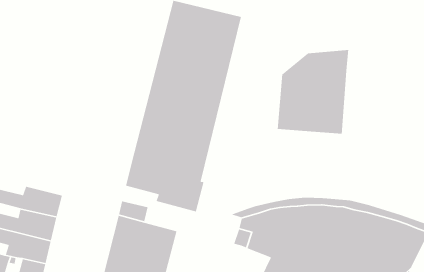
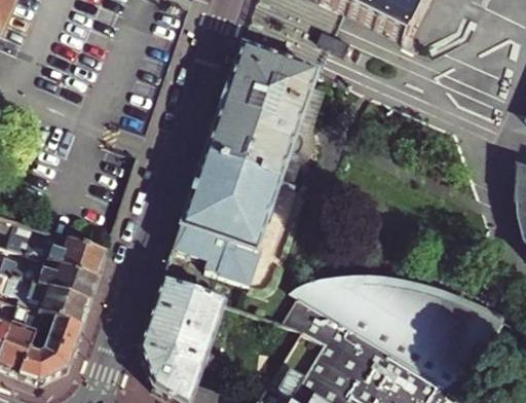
building: [277,49,349,134] -> none

